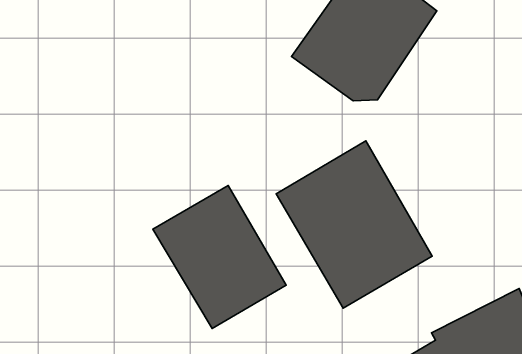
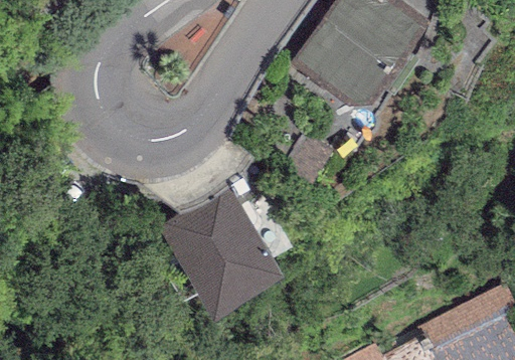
building: [276,141,432,308] -> none

